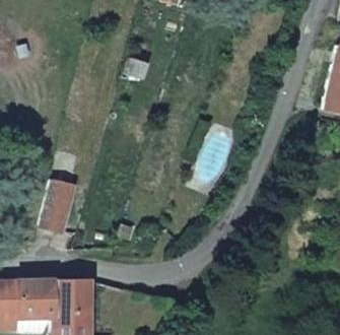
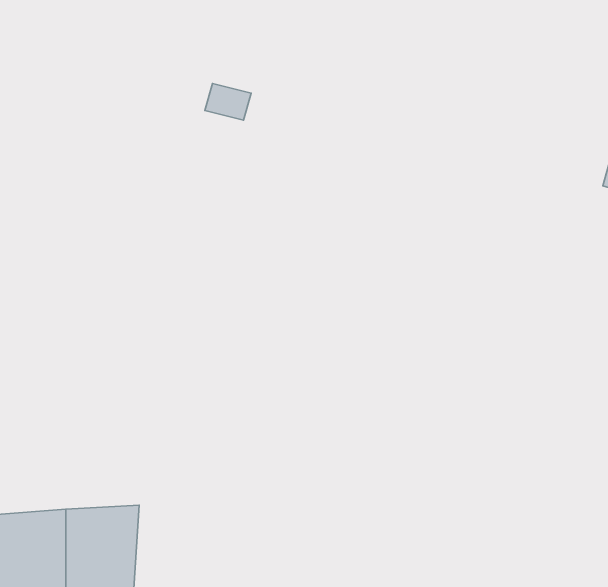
building: [37,181,70,230] -> none

